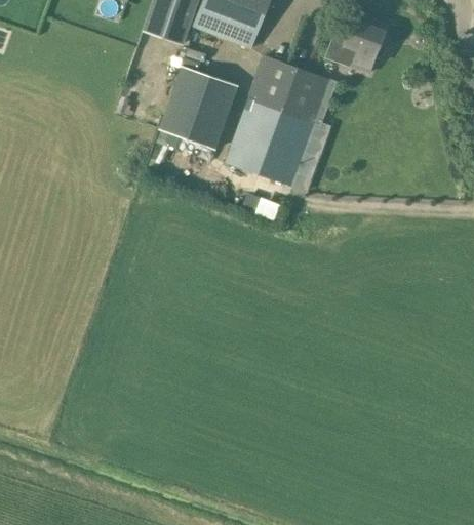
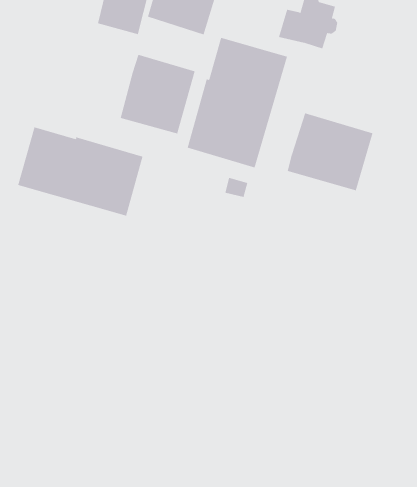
building: none -> [18,127,143,216]
building: none -> [287,113,373,191]

